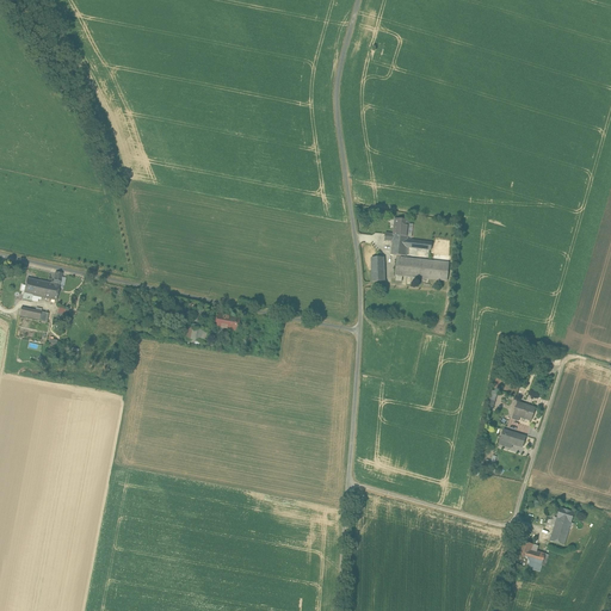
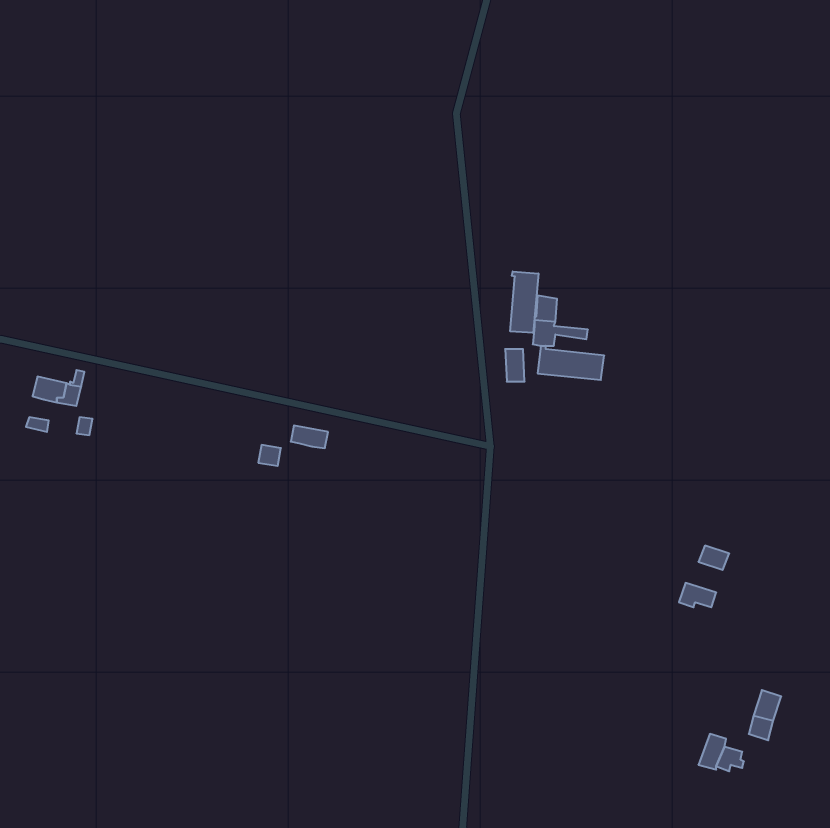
building: none -> [510,271,538,333]

